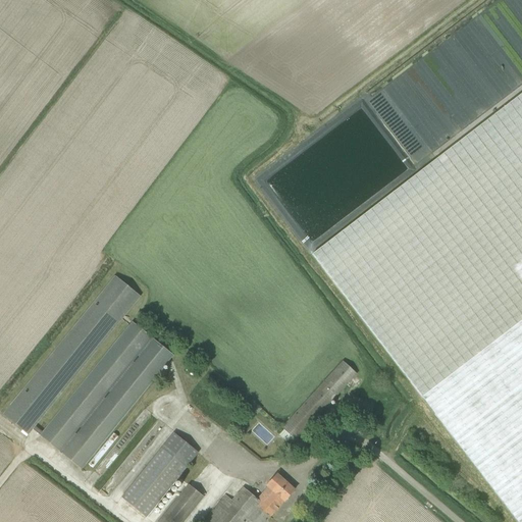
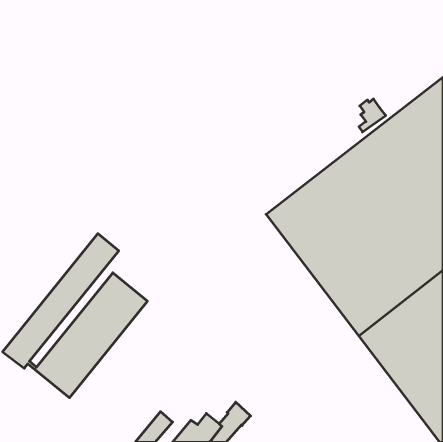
building: [282,360,357,438] -> none
building: [122,432,198,515] -> none

